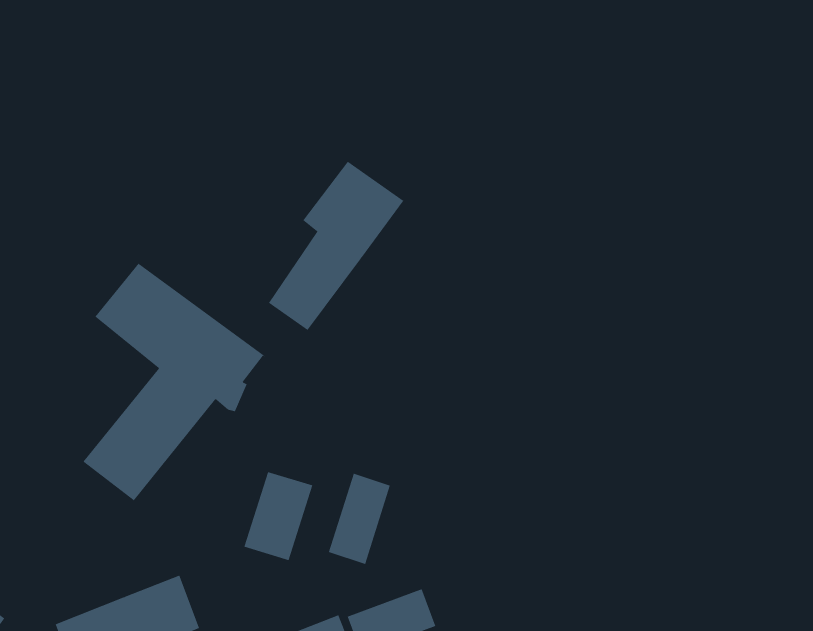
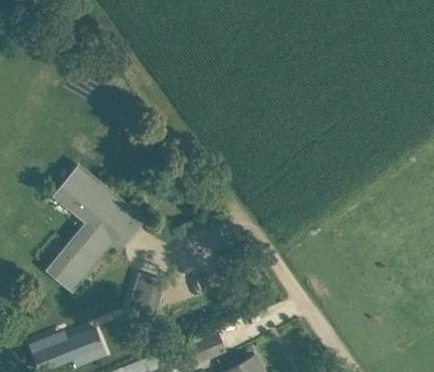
building: [268,161,404,331] -> none
building: [328,473,391,565] -> none

